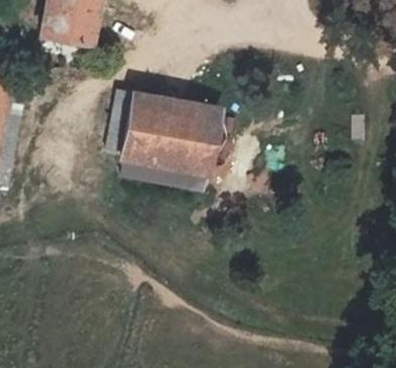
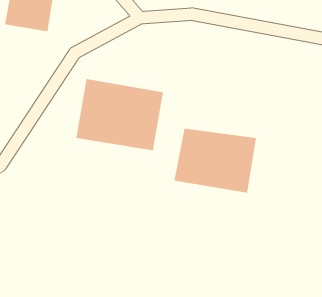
building: none -> [174,128,257,194]

